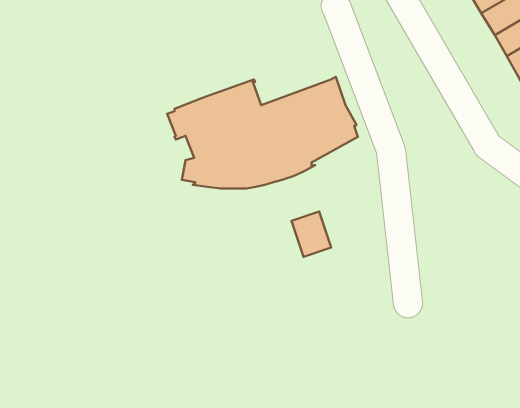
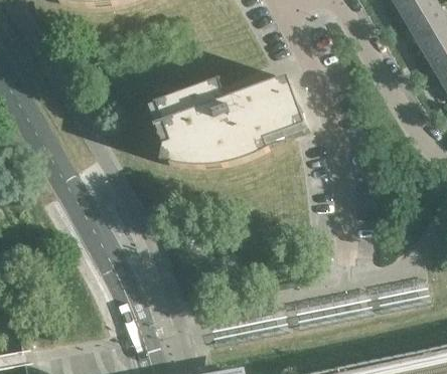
building: [292,211,331,257] -> none

